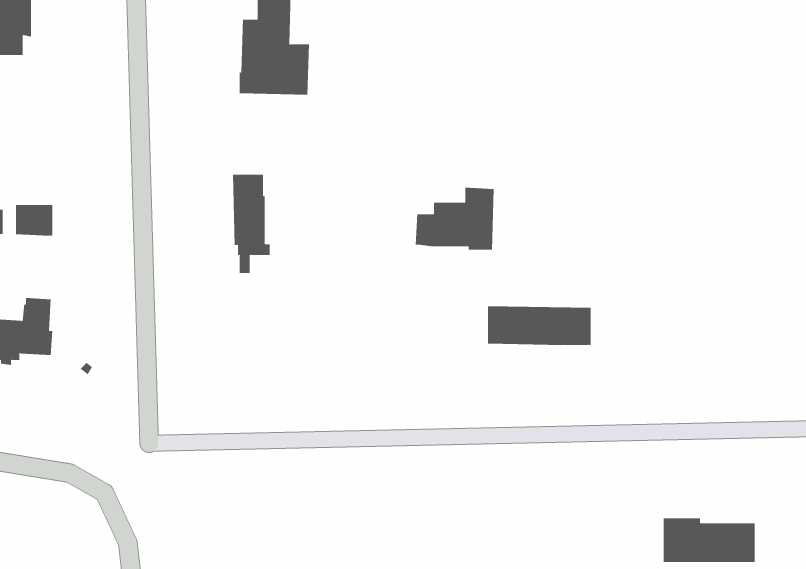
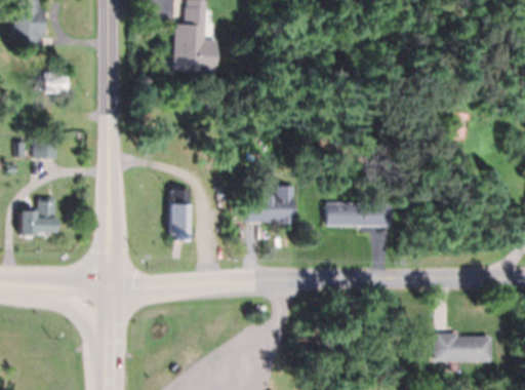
building: none -> [45,74,68,92]
building: [232,174,270,274] -> [171,190,195,251]
building: [415,187,494,250] -> [247,186,296,225]

